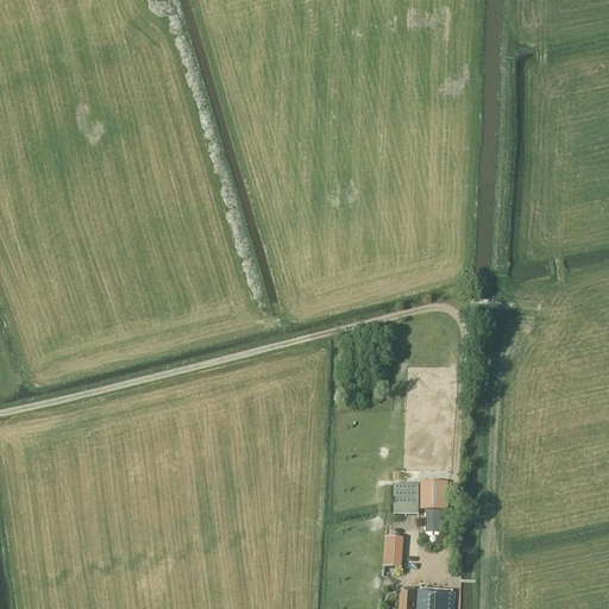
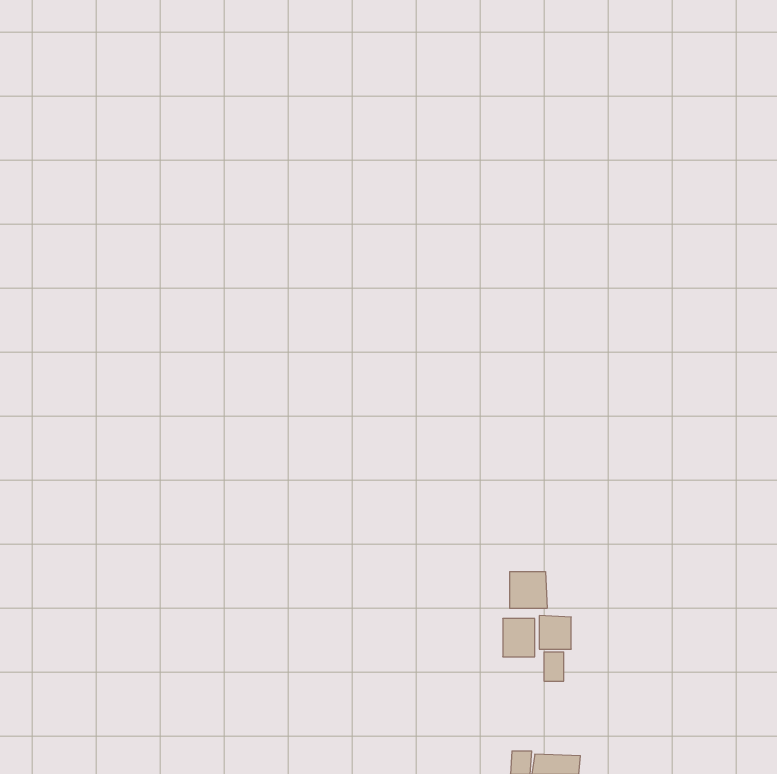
building: none -> [510,572,547,608]
building: [383,535,403,567] -> none

